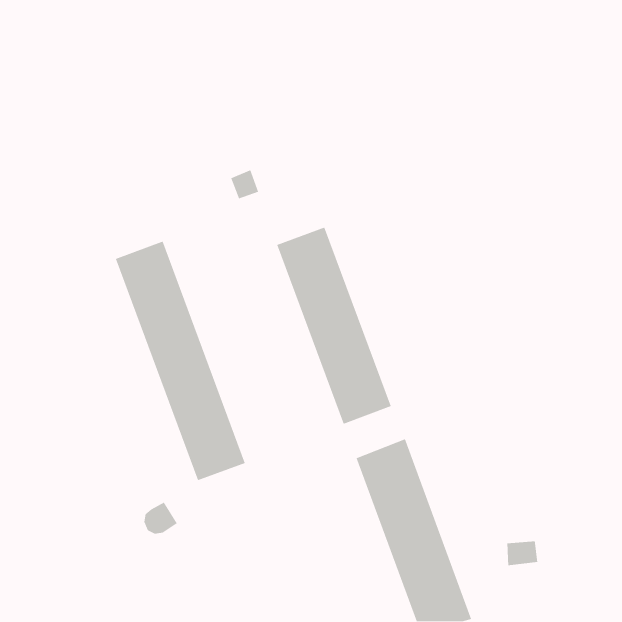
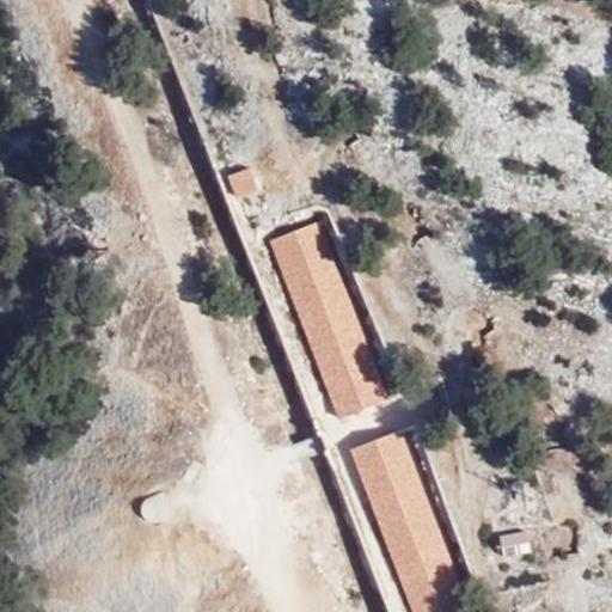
building: [115,241,246,481] -> none

